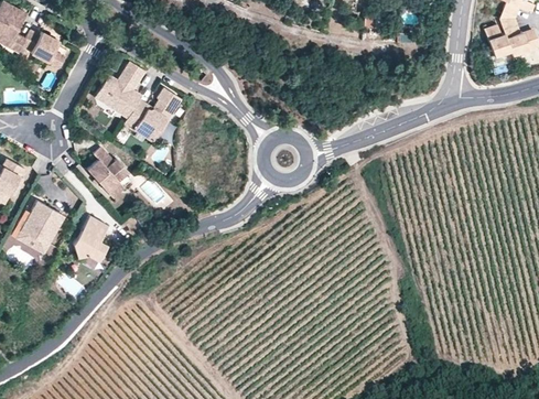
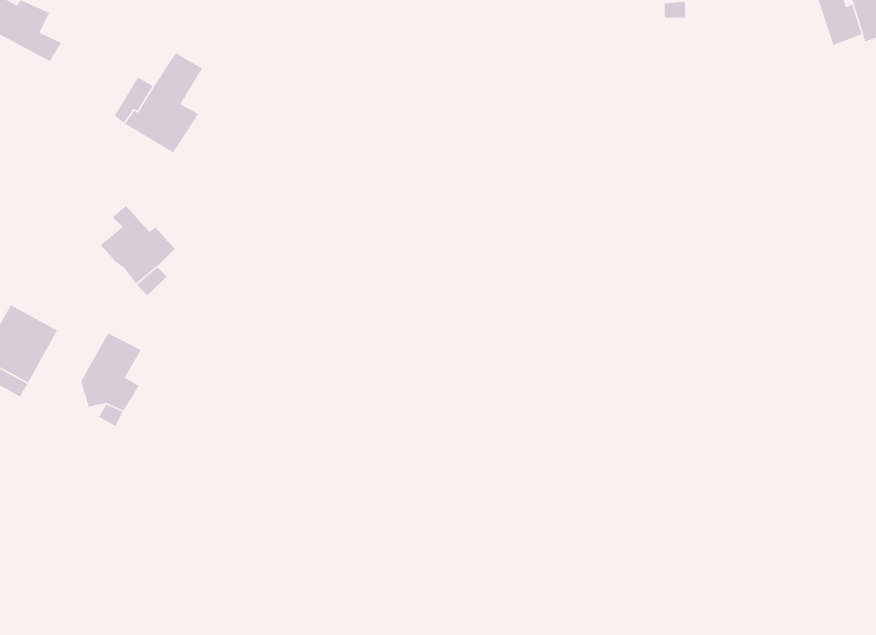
building: [125,87,181,141] -> none

